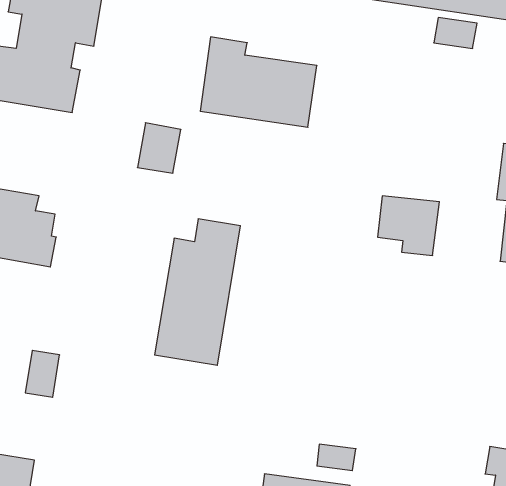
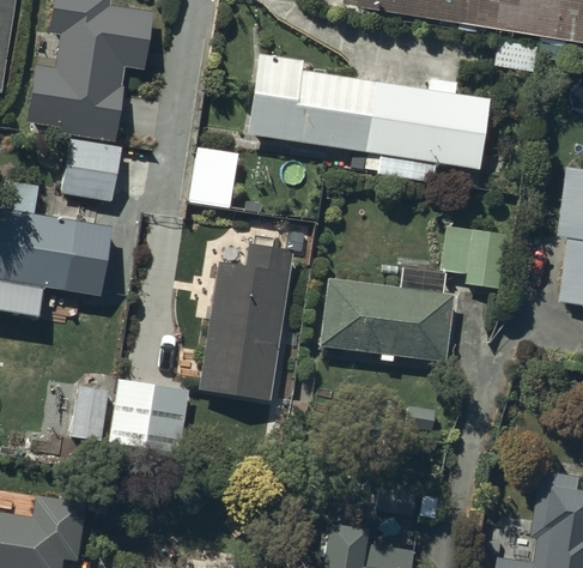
building: none -> [364,87,487,169]
building: none -> [60,138,115,197]
building: none -> [323,285,454,362]
building: none -> [111,377,182,449]

